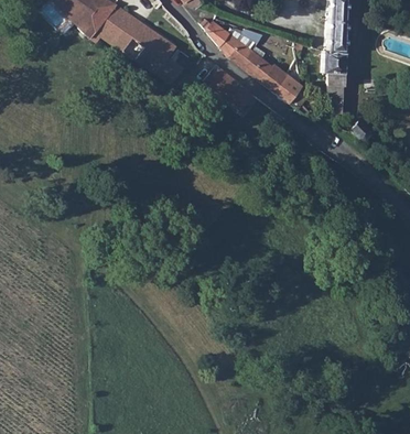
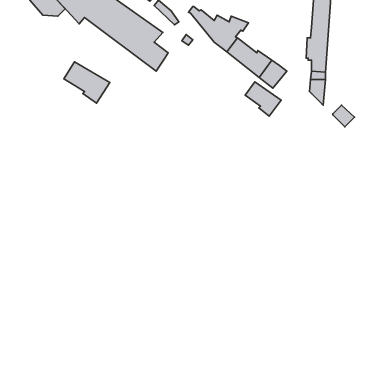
building: none -> [64,62,110,103]
building: none -> [245,82,281,116]

